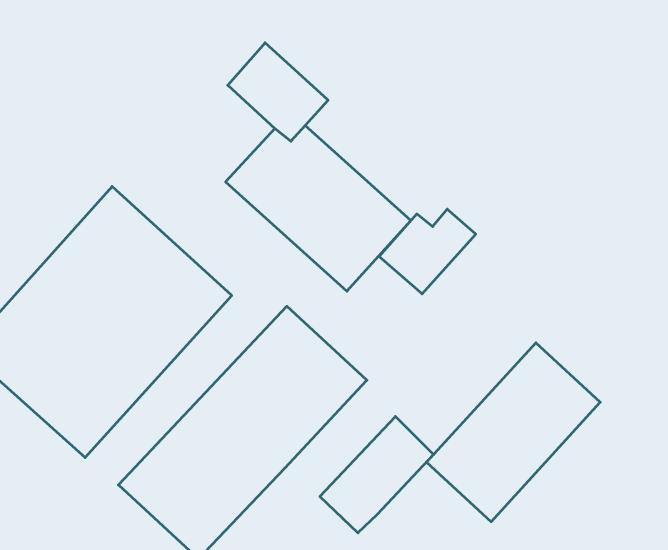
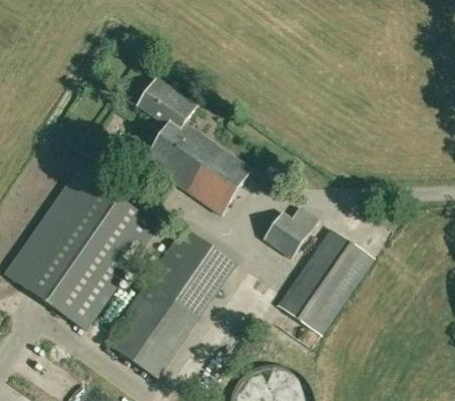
building: [379,209,476,294] -> [265,207,318,257]
building: [320,416,434,533] -> none

